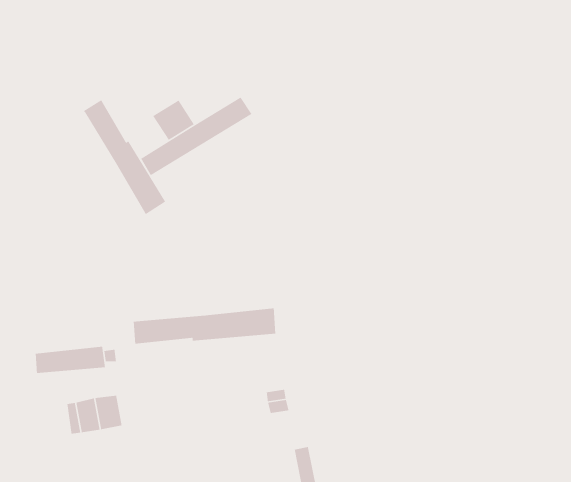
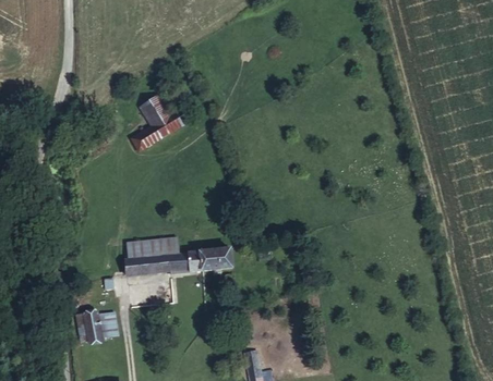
building: [83,99,166,215] -> none
building: [35,346,106,374] -> [127,236,179,257]

